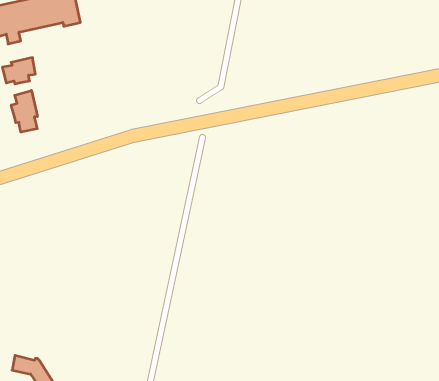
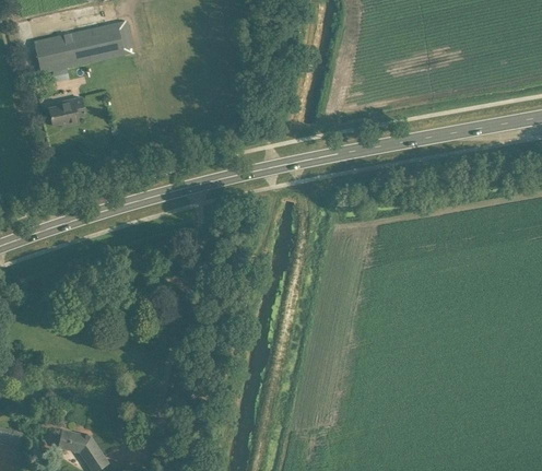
building: [11,90,37,132] -> none

